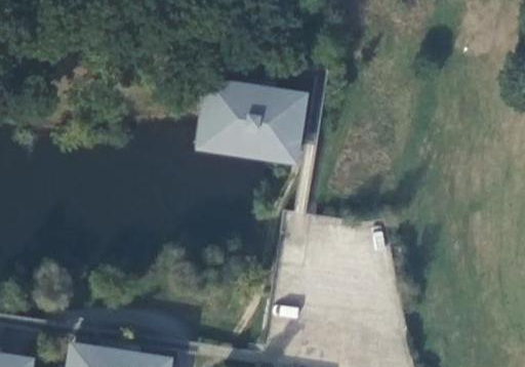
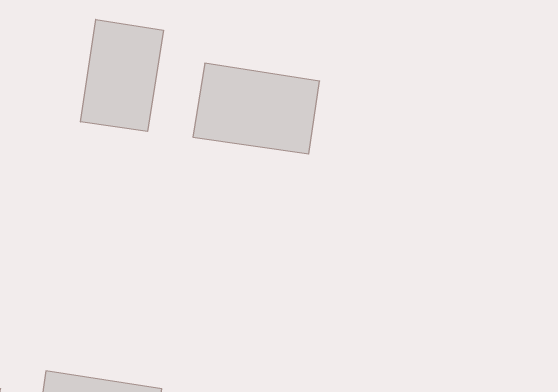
building: none -> [81,19,163,131]

